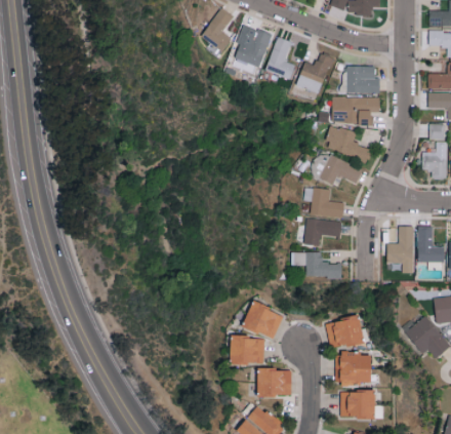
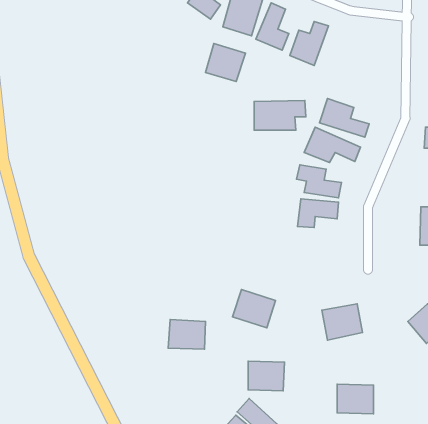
building: [346,66,379,92] -> none
building: none -> [205,44,246,82]
building: [332,96,380,124] -> [254,100,306,130]
building: [386,226,414,273] -> none
building: [290,252,341,278] -> none
building: [229,337,263,364] -> [168,319,205,349]
building: [335,351,372,385] -> none

